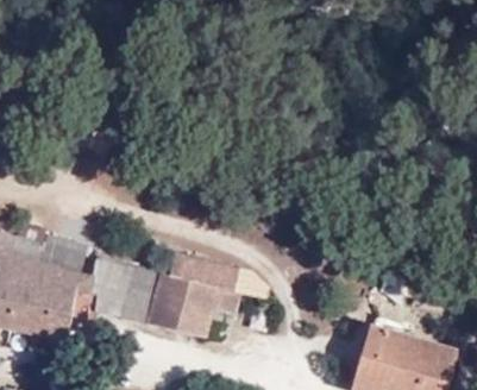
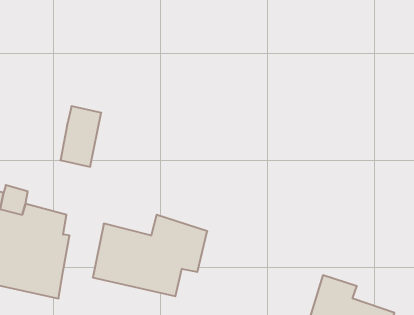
building: [88,253,132,319] -> [60,106,101,167]

